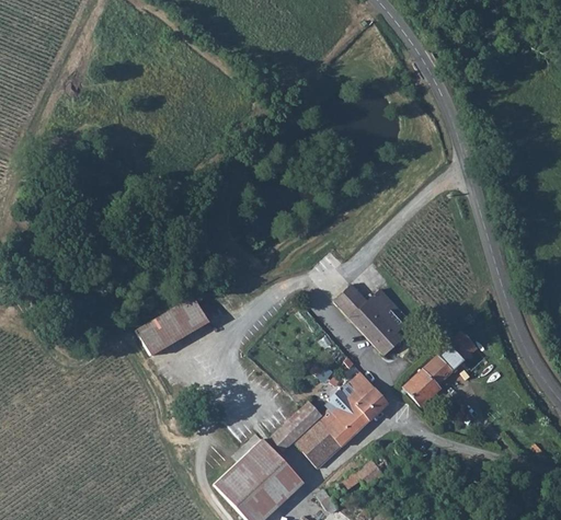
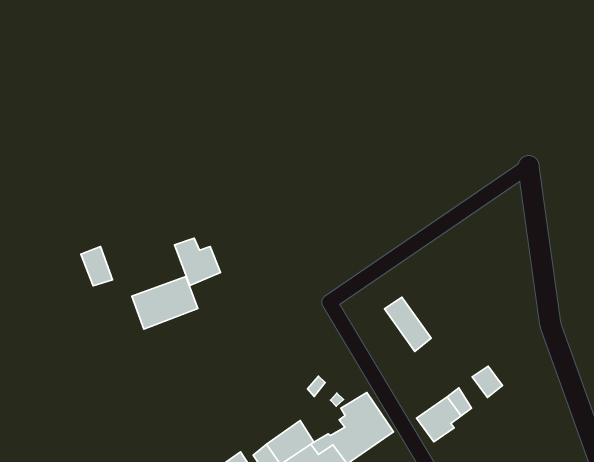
building: none -> [174,238,221,285]
building: [333,285,401,355] -> none
building: [136,321,165,355] -> [81,247,112,286]

